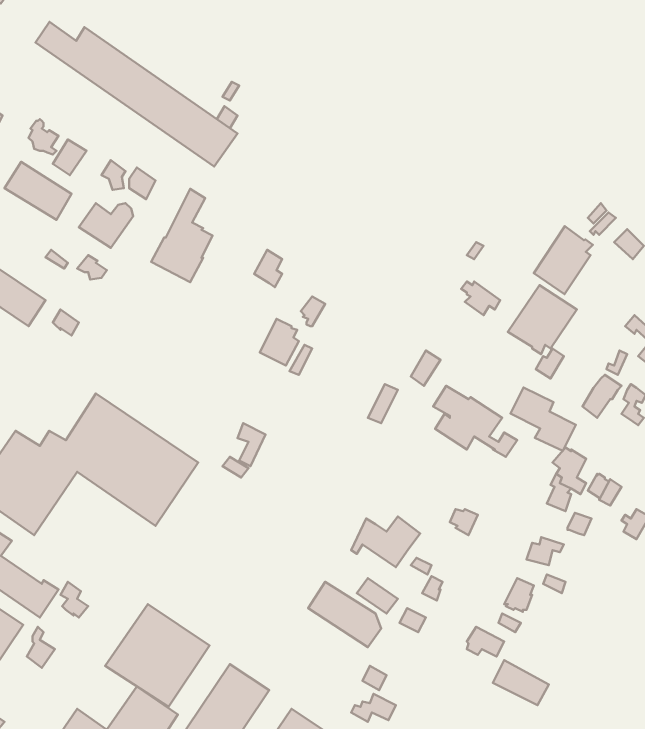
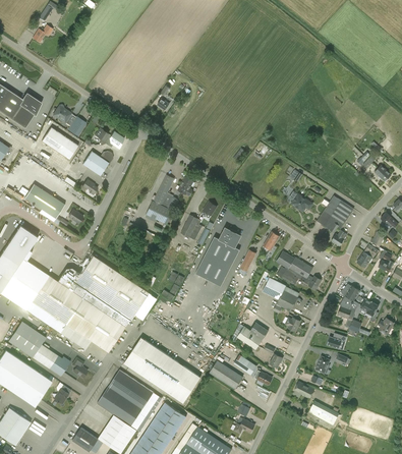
building: [36,22,237,166] -> none
building: [151,189,213,282] -> [145,174,178,225]
building: [534,226,593,294] -> none
building: none -> [194,227,240,286]
building: [510,387,576,451] -> [262,277,297,311]
building: none -> [57,297,123,352]
building: none -> [123,337,199,402]

